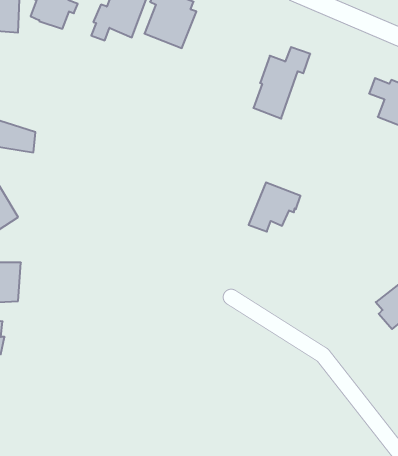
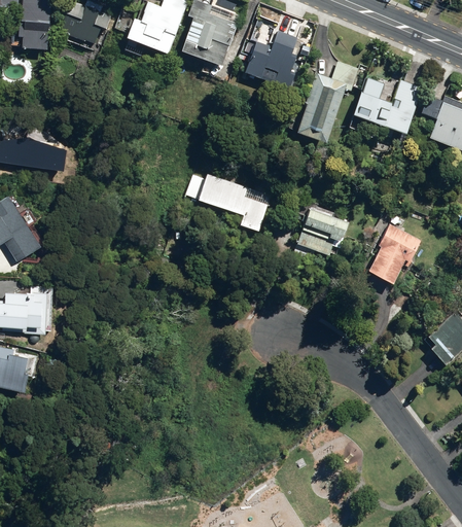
building: none -> [237,30,296,89]
building: none -> [353,77,422,133]
building: none -> [184,175,270,231]
building: none -> [369,225,420,282]

